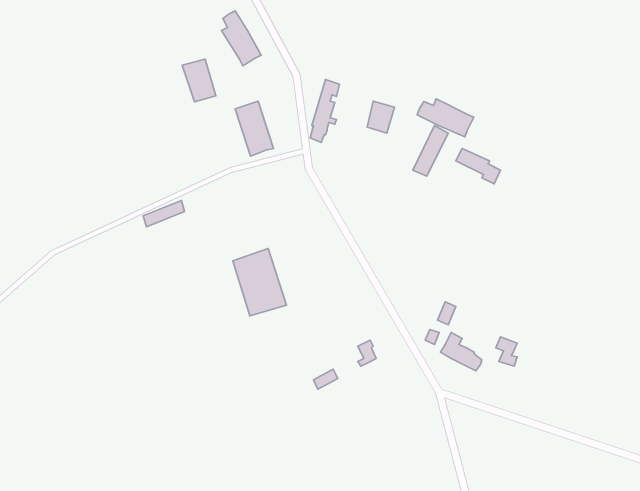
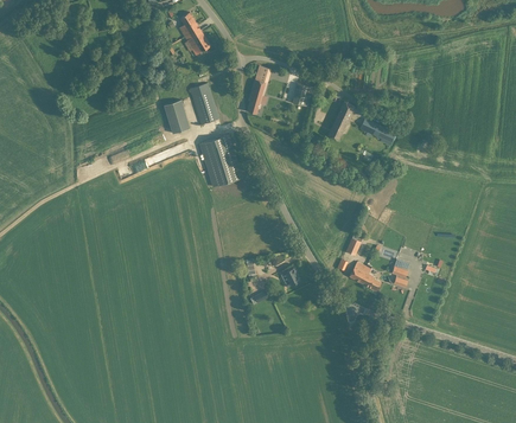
building: [182,59,216,102] -> [164,100,190,133]
building: [417,99,474,137] -> none
building: [233,248,286,316] -> [200,134,242,186]

